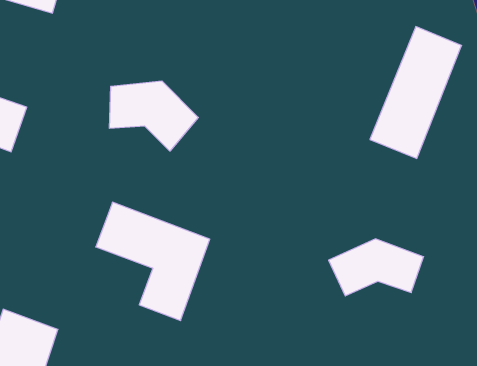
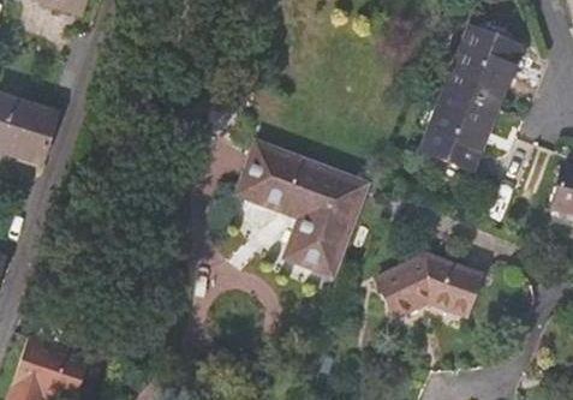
building: [110,81,198,151] -> none
building: [96,202,210,321] -> [243,147,365,274]

